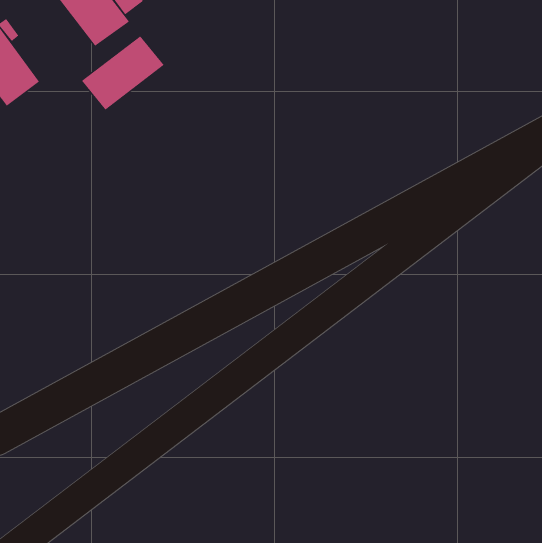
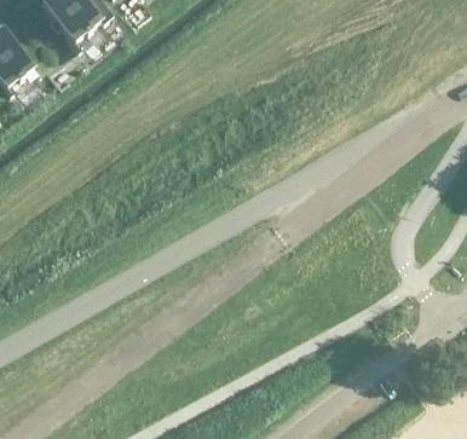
building: [81,35,164,110] -> none

